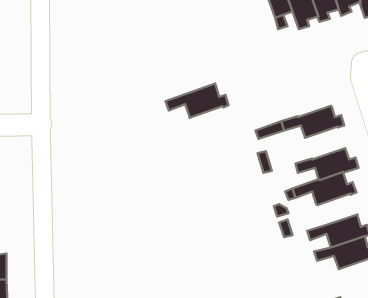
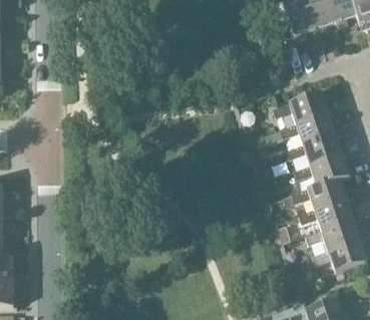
building: [166,84,229,118] -> [272,90,333,123]
building: none -> [286,132,347,165]
building: none -> [297,198,359,234]

